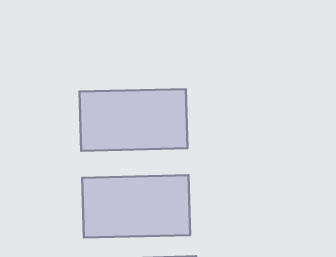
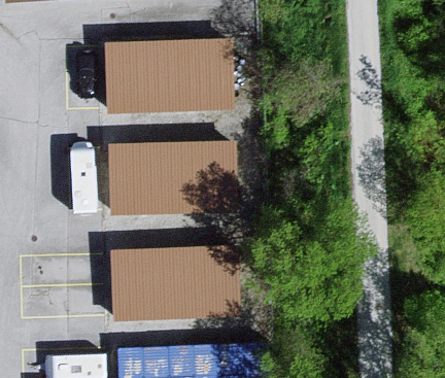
building: none -> [101,38,235,113]

